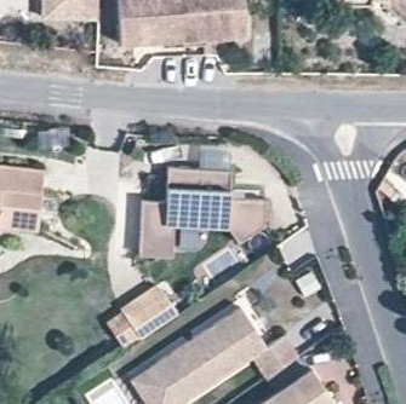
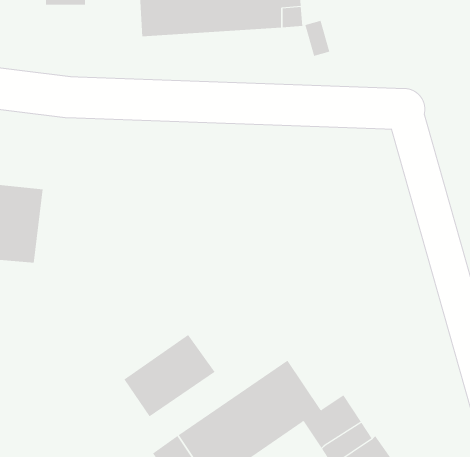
building: [139,169,269,260] -> none

